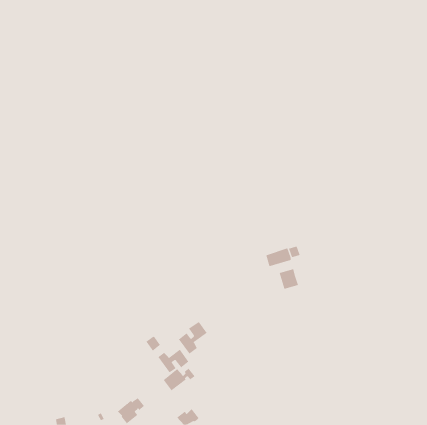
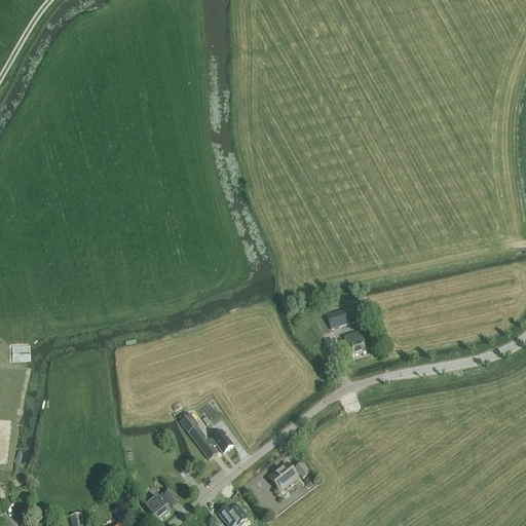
building: [178,321,208,354] -> none
building: [163,368,196,391] -> [268,461,308,490]

